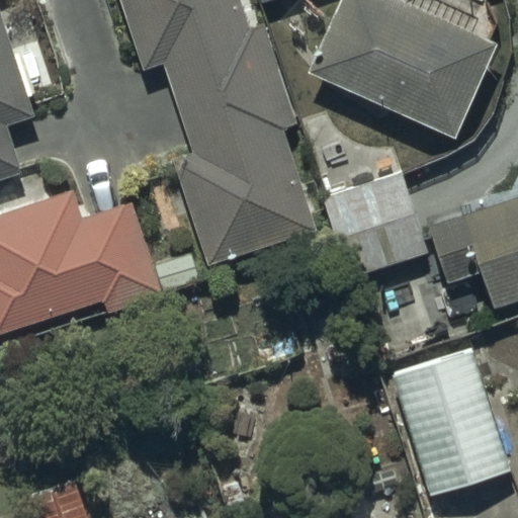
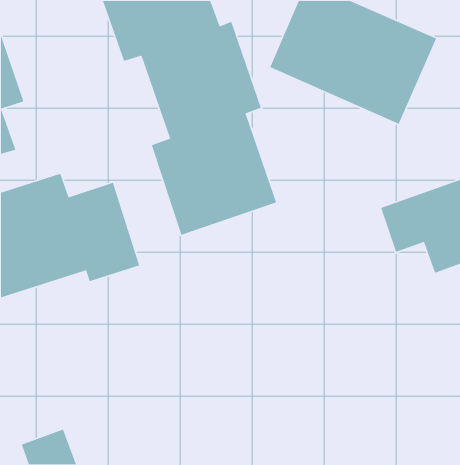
building: [321,172,427,277] -> none
building: [394,350,509,492] -> none

